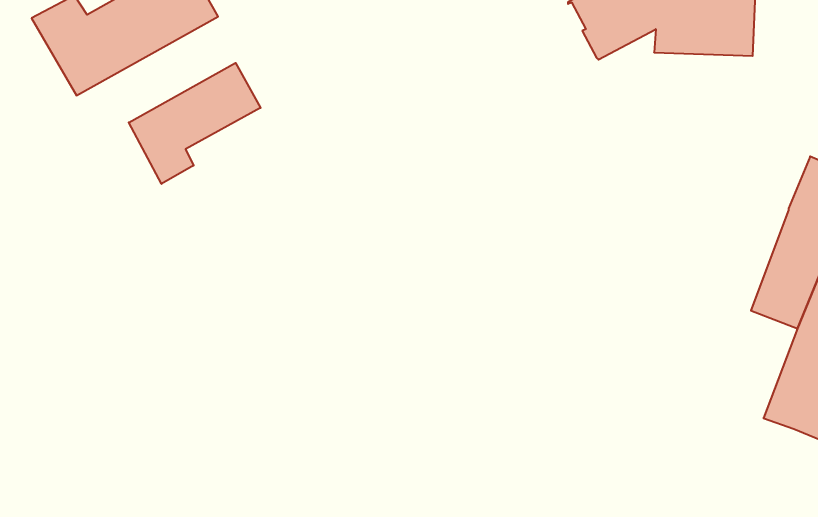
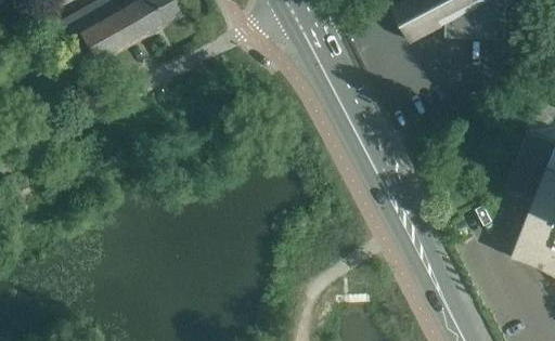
building: [129,63,261,184] -> none

